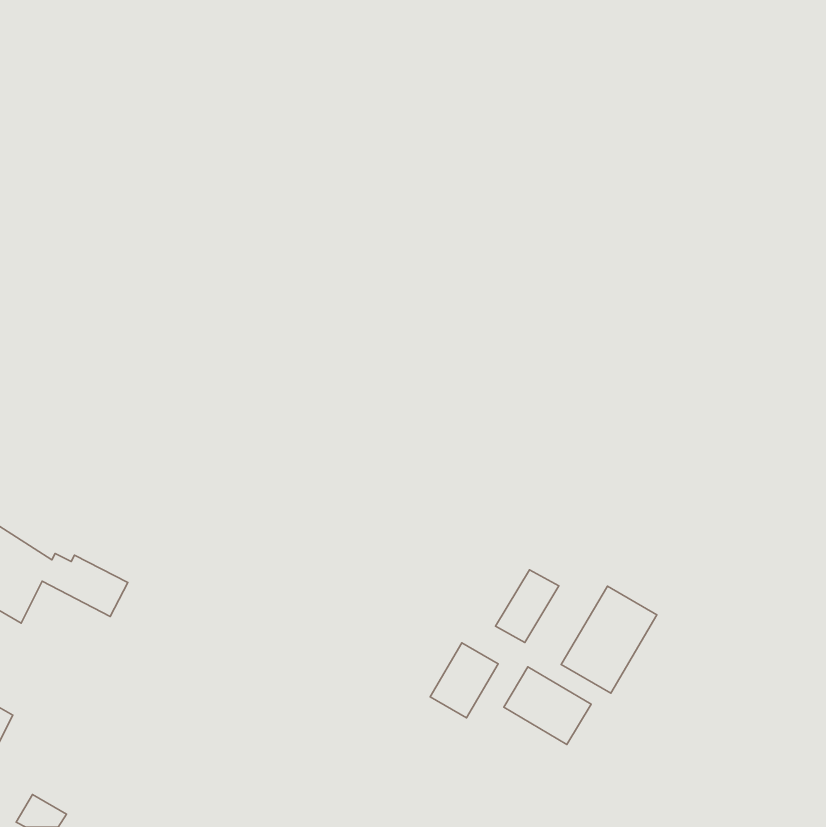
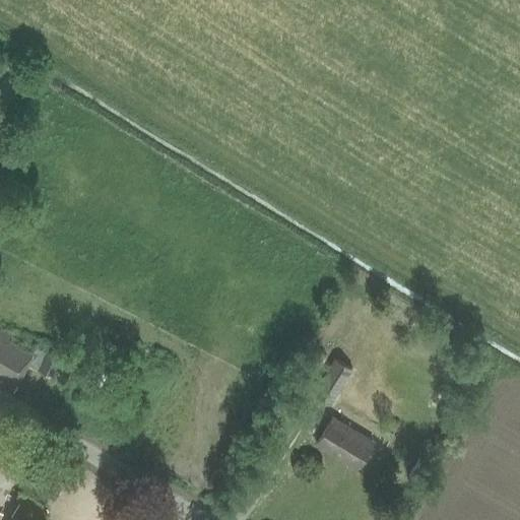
building: [561,586,657,693] -> none
building: [430,643,498,718] -> none

